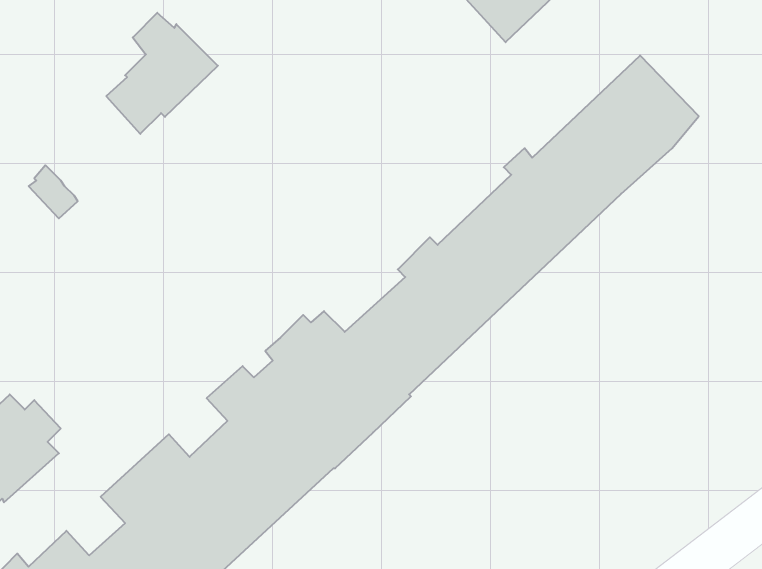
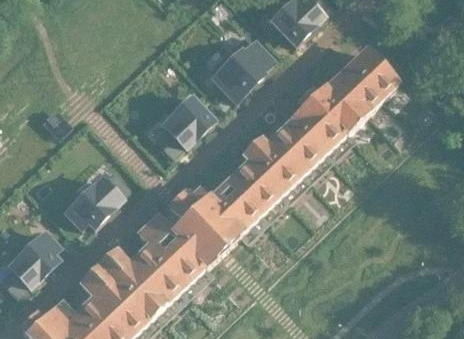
building: [106,13,218,134] -> [154,94,213,158]
building: none -> [209,34,272,102]
building: none -> [64,172,131,229]

